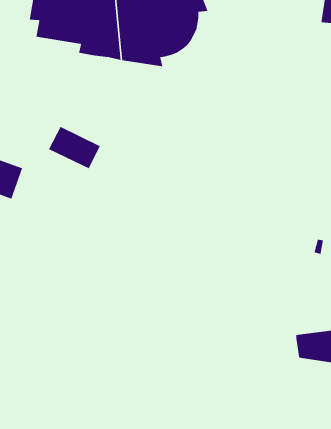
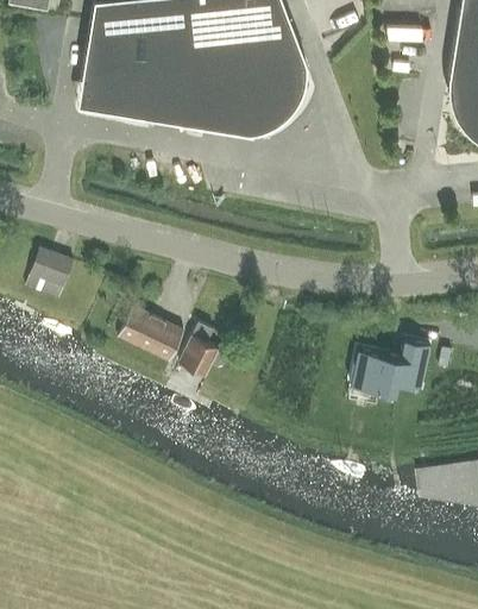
building: [48,126,101,169] -> [118,307,184,362]
building: none -> [181,322,226,376]
building: none -> [351,340,430,394]

